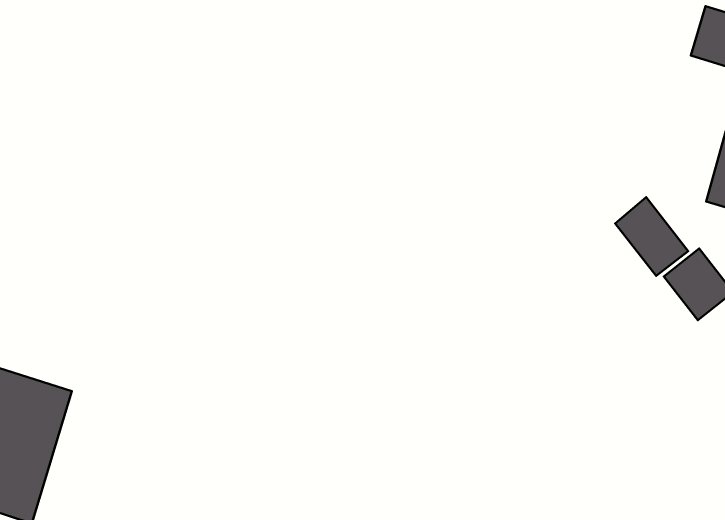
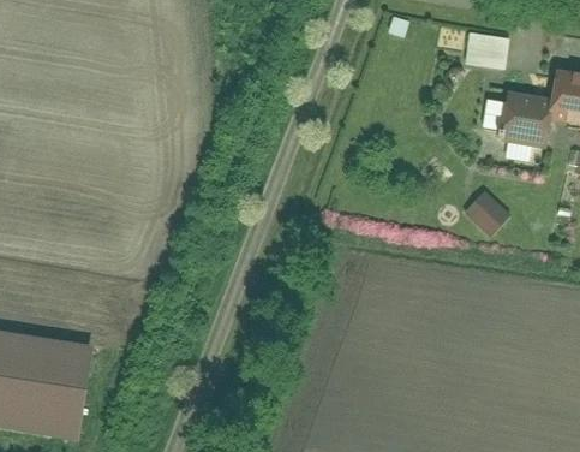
building: [615,197,688,276] -> none

